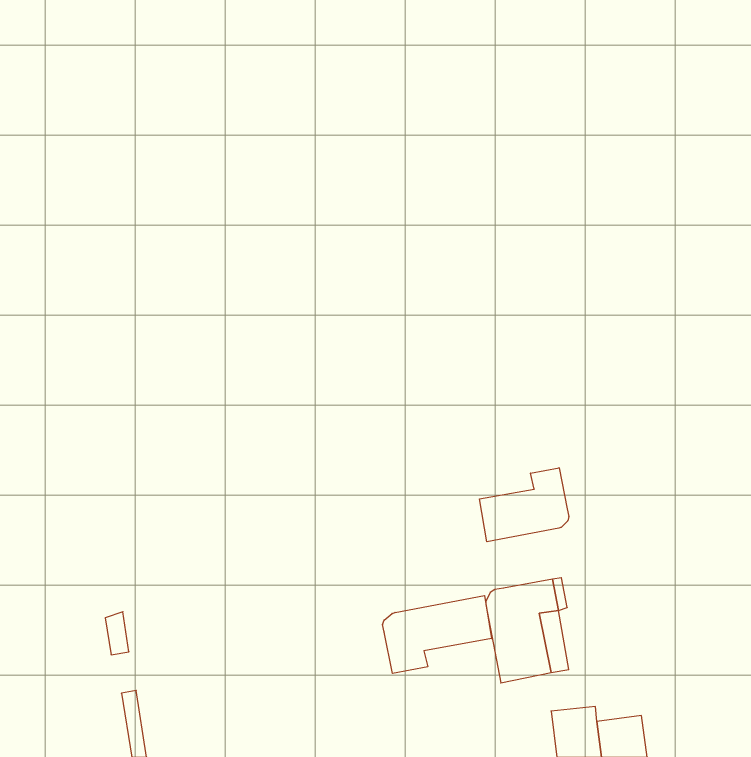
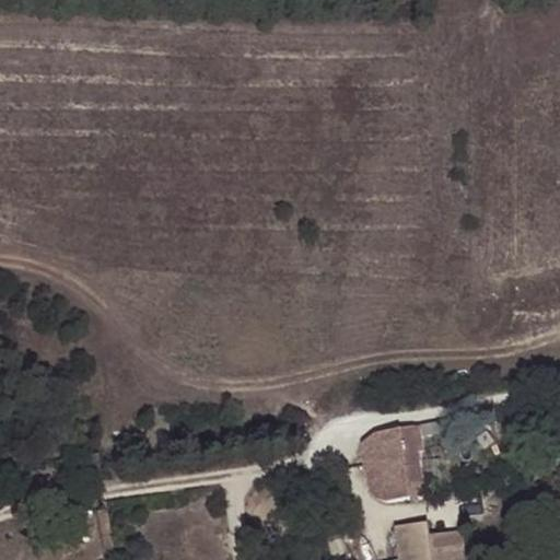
building: [480,468,569,542] -> none
building: [383,596,492,673] -> none

